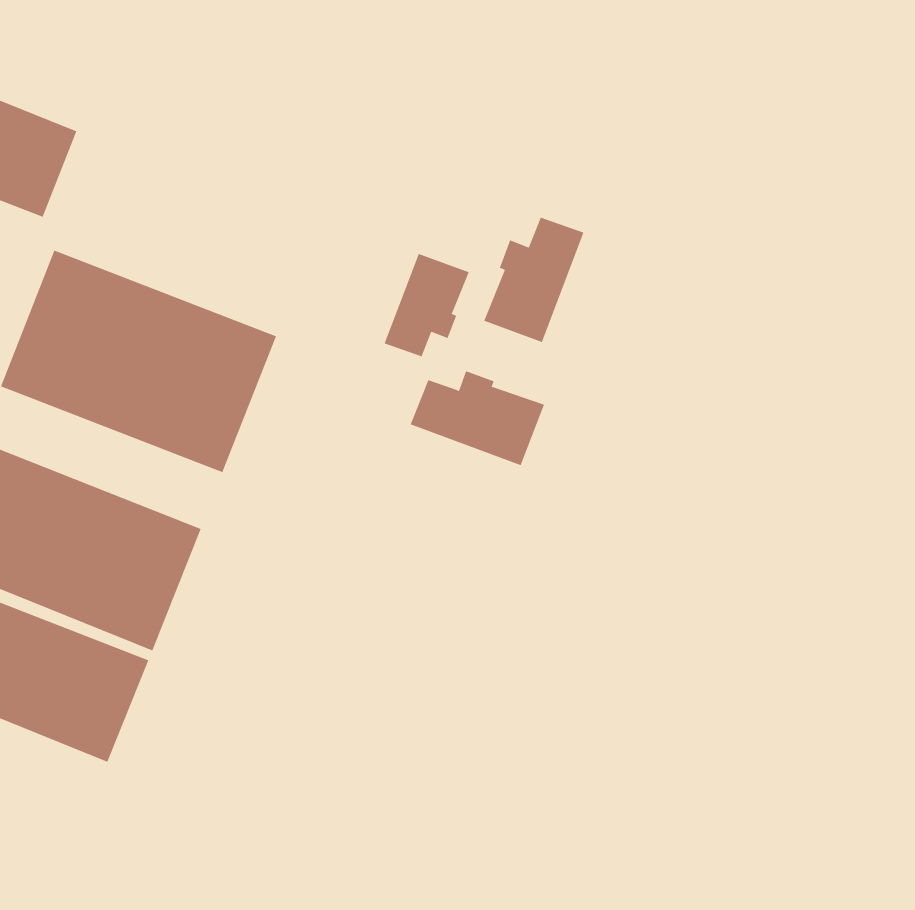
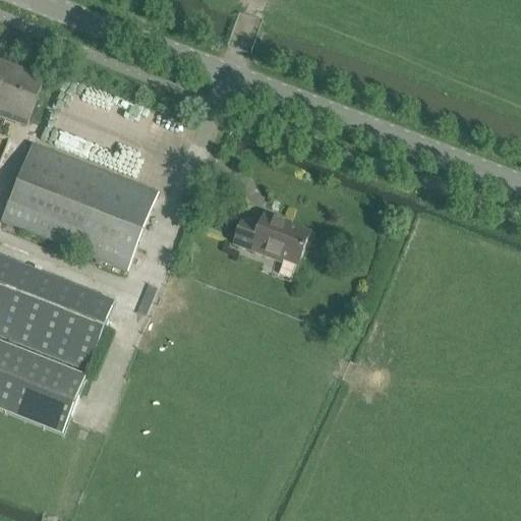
building: [484,217,584,343] -> none
building: [384,253,469,357] -> none

